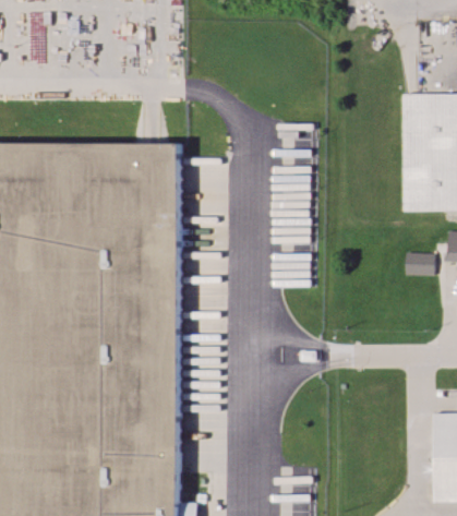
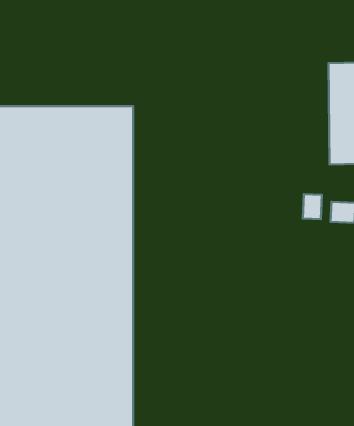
building: none -> [303,194,322,219]

